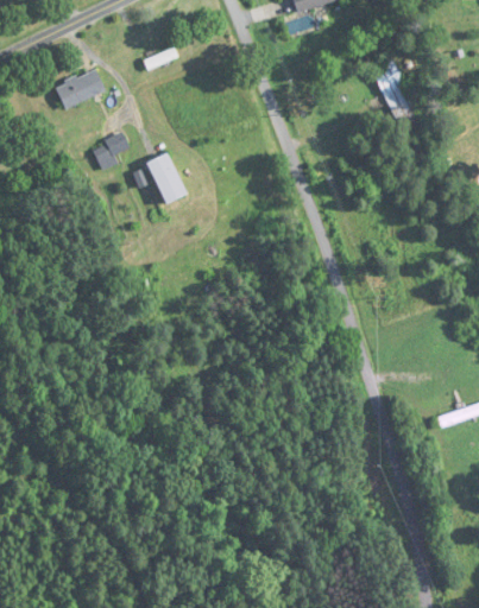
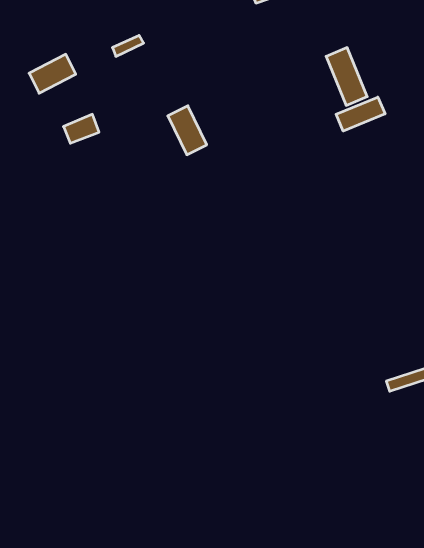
building: none -> [336,97,385,131]
building: [145,152,187,204] -> [168,106,207,155]

